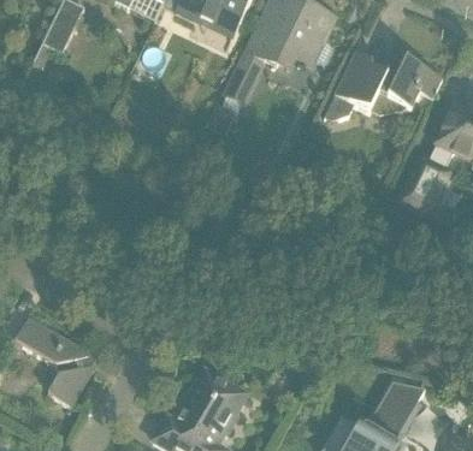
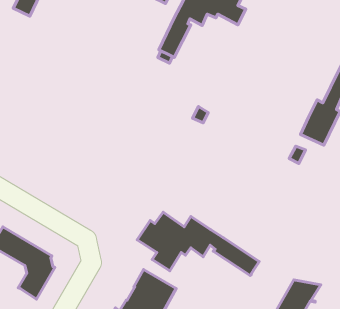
building: [327,51,443,117] -> none
building: none -> [137,212,259,275]

